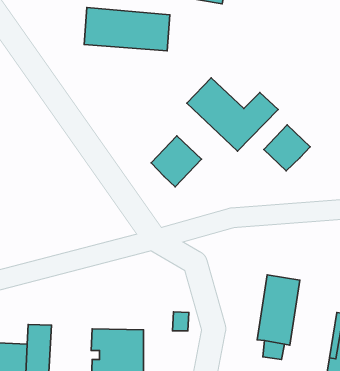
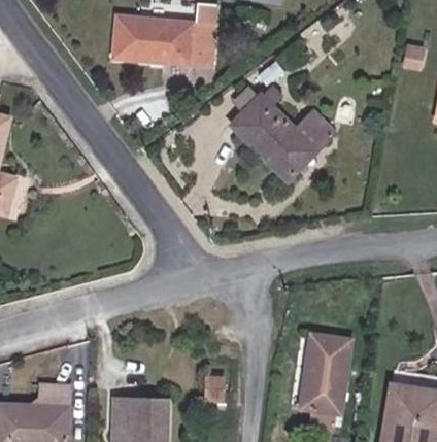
building: [264,125,310,171] -> none
building: [151,136,202,187] -> none

